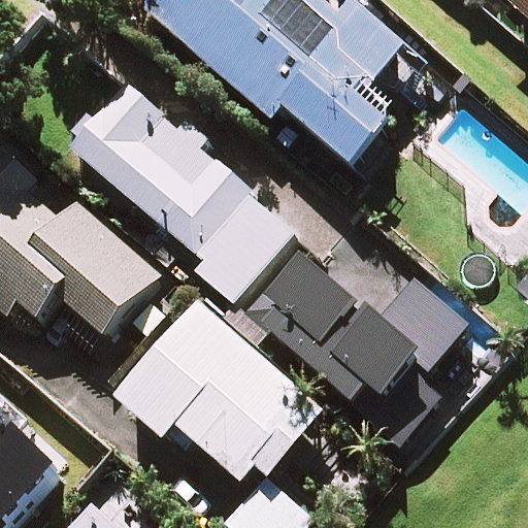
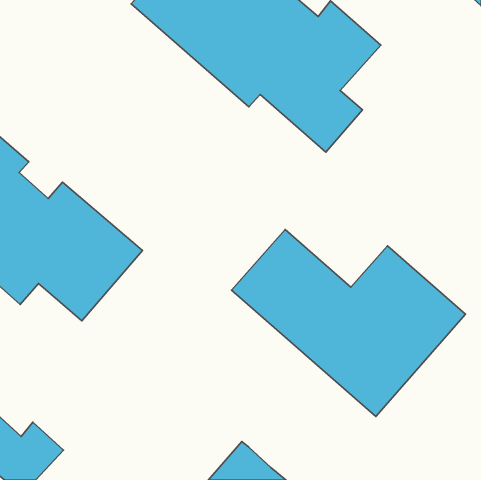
building: [66,68,288,296] -> none
building: [116,301,320,477] -> none

